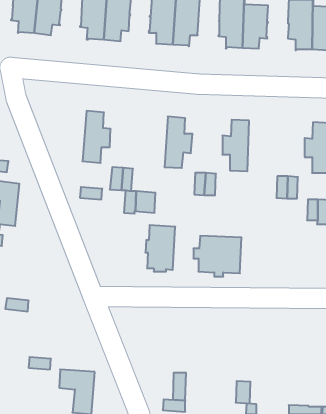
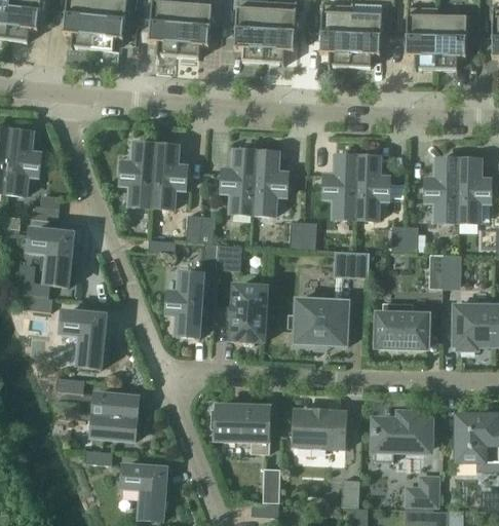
building: none -> [121,143,156,206]
building: none -> [222,150,257,214]
building: none -> [355,156,389,219]
building: none -> [335,251,369,276]
building: none -> [167,273,203,337]
building: none -> [378,302,427,347]
building: none -> [61,311,106,368]
building: none -> [91,392,138,440]
building: none -> [212,406,269,452]
building: none -> [293,409,346,448]
building: none -> [374,413,430,461]
building: none -> [406,476,437,504]

